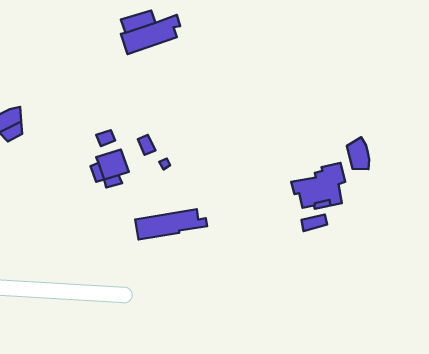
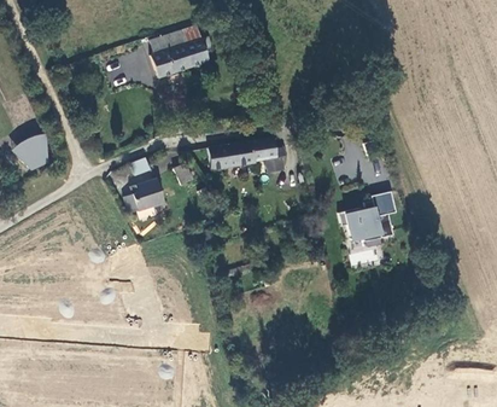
building: [347,137,369,169] -> none
building: [135,209,207,240] -> [206,138,283,170]

